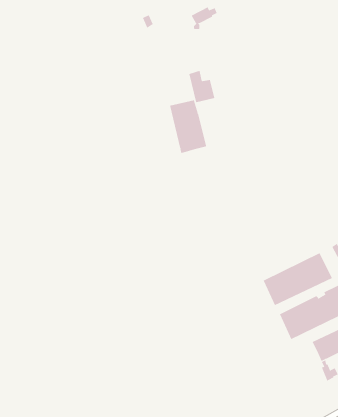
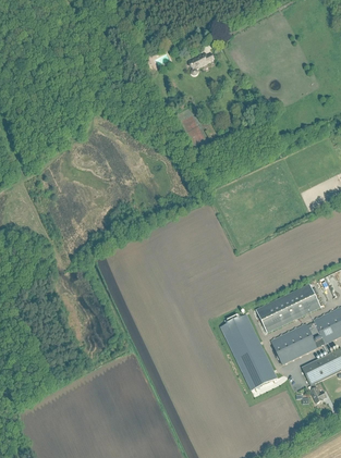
building: [170,99,207,154] -> none
building: none -> [220,314,276,391]

